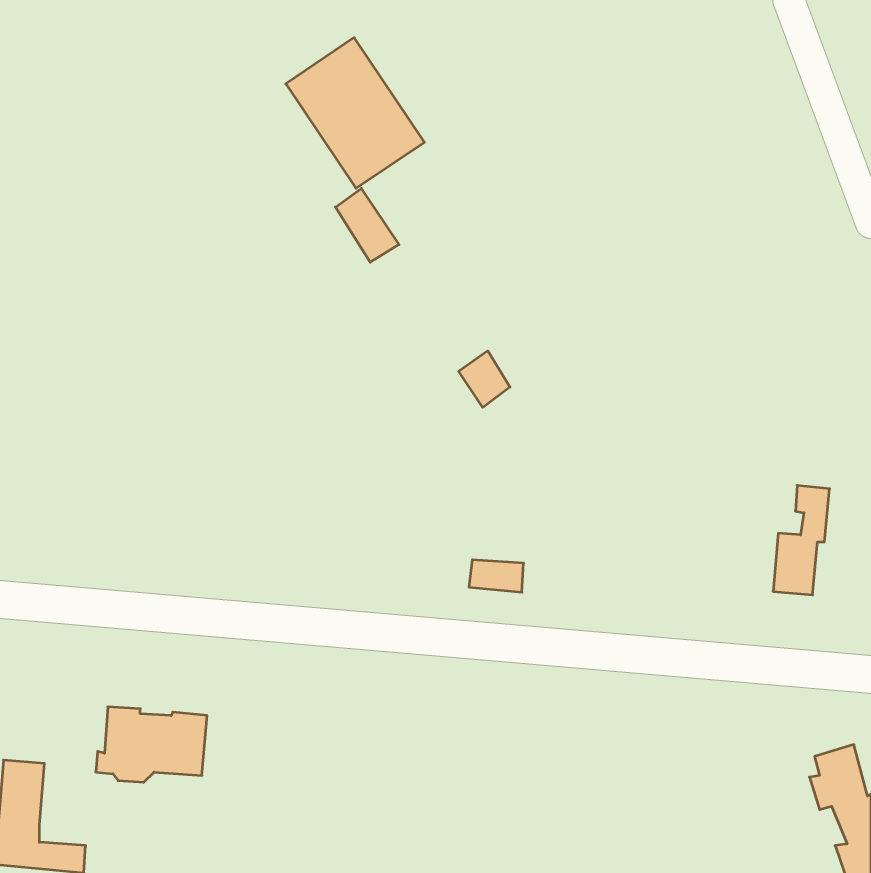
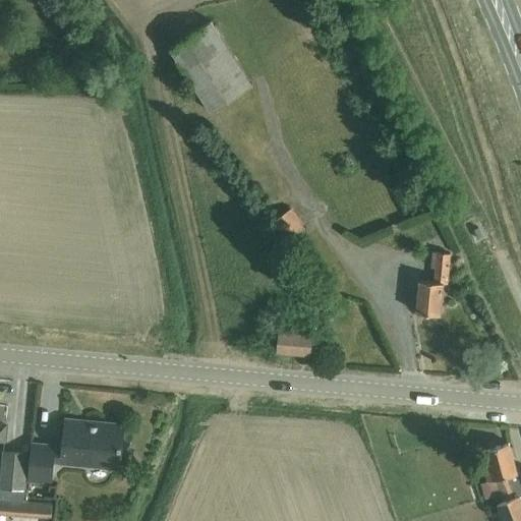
building: [335,188,399,262] -> none
building: [773,485,830,595] -> [416,251,450,316]
building: none -> [27,446,54,484]

